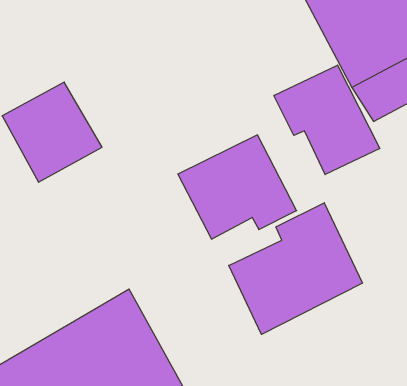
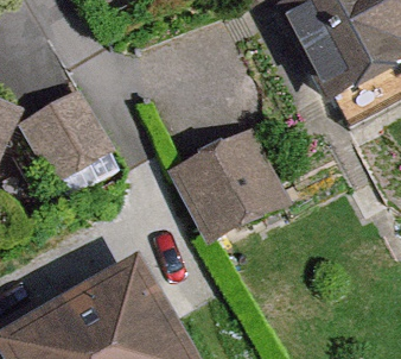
building: [274,65,380,175] -> none
building: [229,203,363,334] -> none

